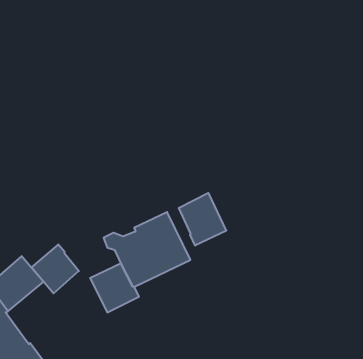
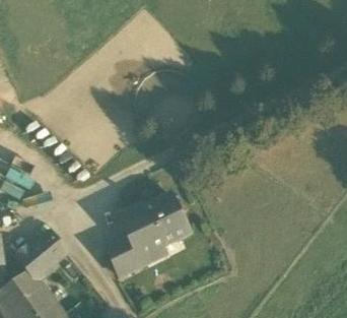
building: [179,193,226,246] -> none
building: [31,244,79,293] -> none

